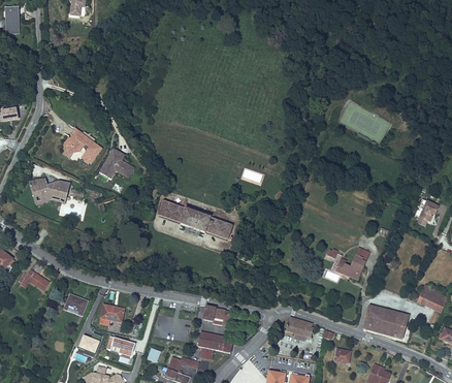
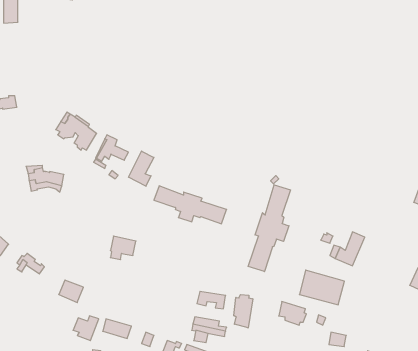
building: none -> [129,151,154,186]
building: none -> [248,185,291,272]
building: [99,302,125,326] -> [110,236,136,260]
building: [363,304,409,339] -> [299,270,344,305]
building: none -> [234,295,253,328]

